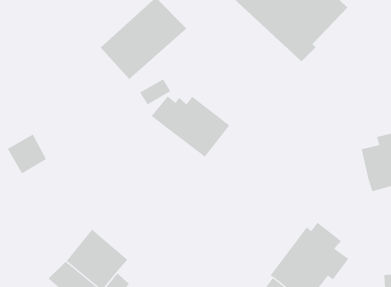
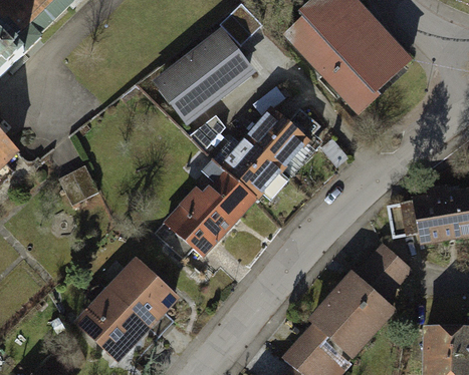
building: none -> [247,107,320,168]
building: none -> [164,160,256,254]
building: none -> [387,201,417,236]
building: none -> [364,247,407,291]

